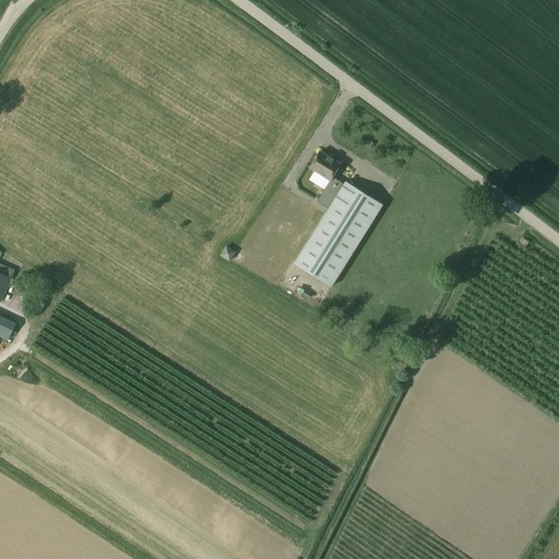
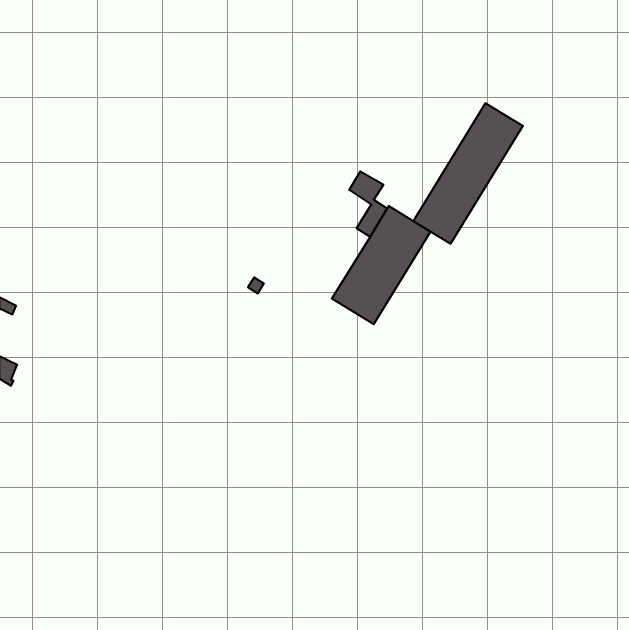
building: none -> [413,103,523,244]

